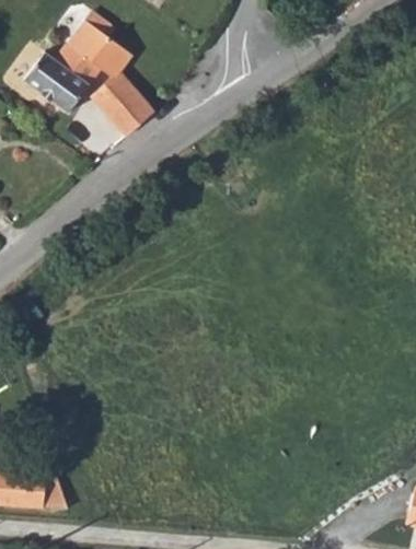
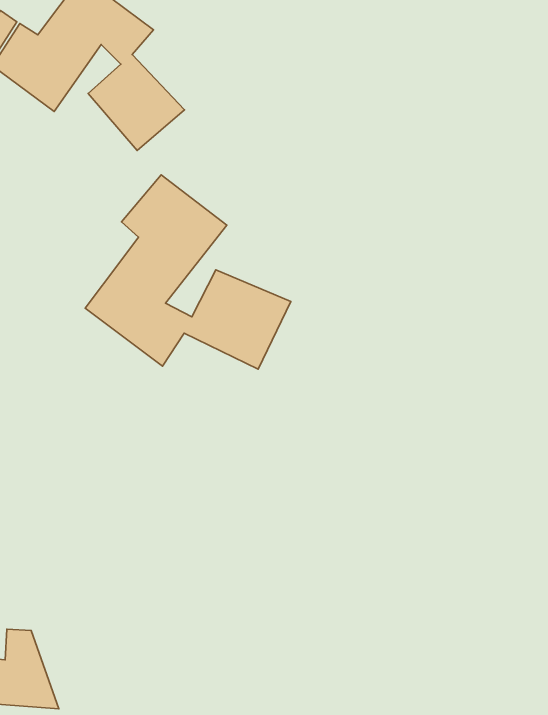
building: none -> [85,175,291,369]

